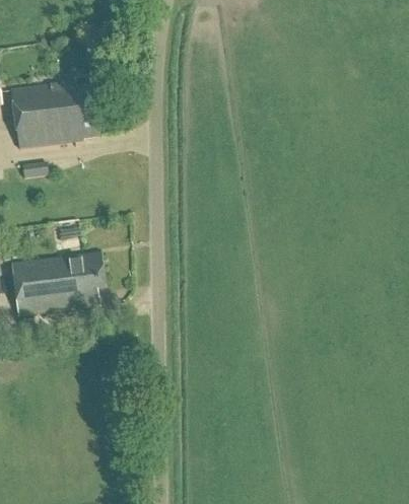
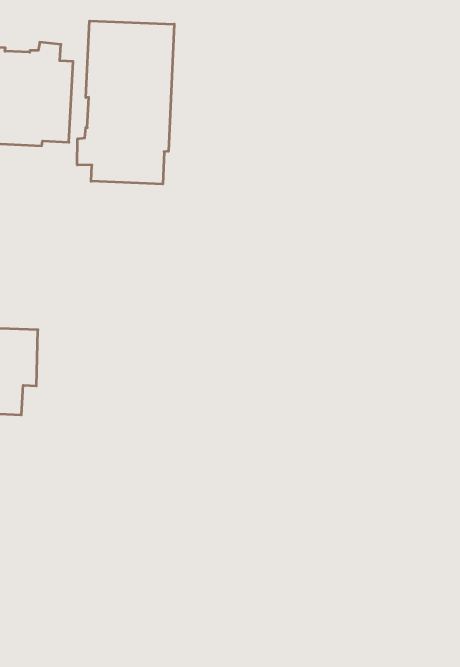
building: none -> [77,21,174,184]

